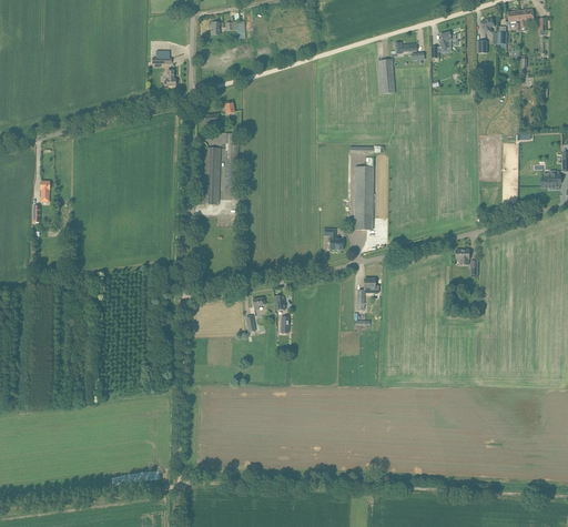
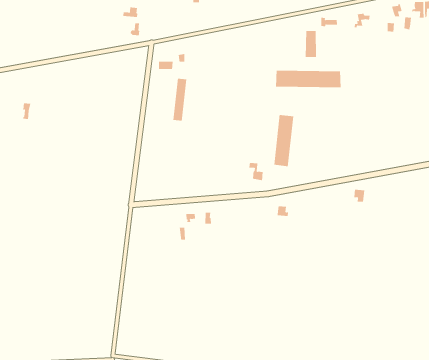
building: none -> [275,70,341,88]
building: [203,148,221,204] -> none

